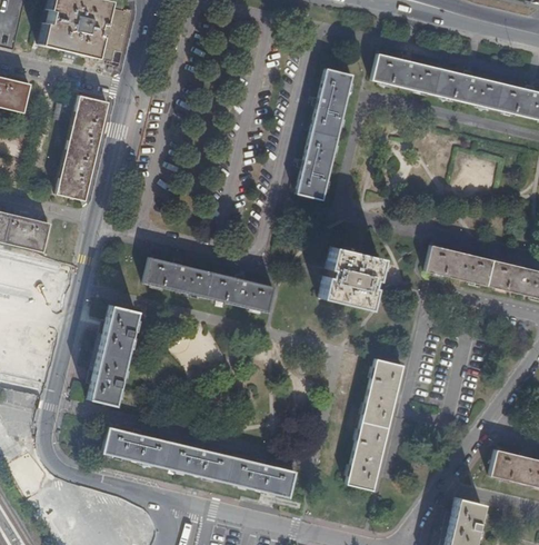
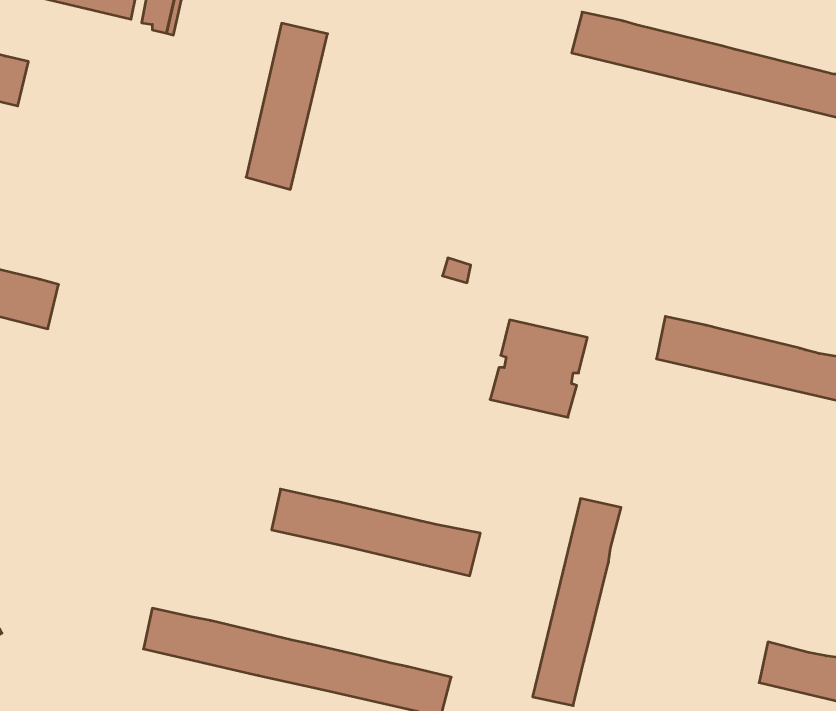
building: [297,67,352,198] -> none
building: [57,96,108,200] -> [246,23,328,189]
building: [143,257,275,311] -> [272,489,480,576]
building: [87,305,136,405] -> none

